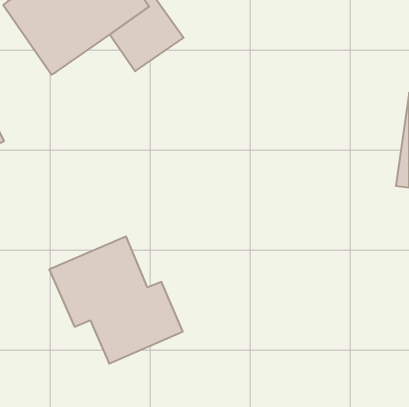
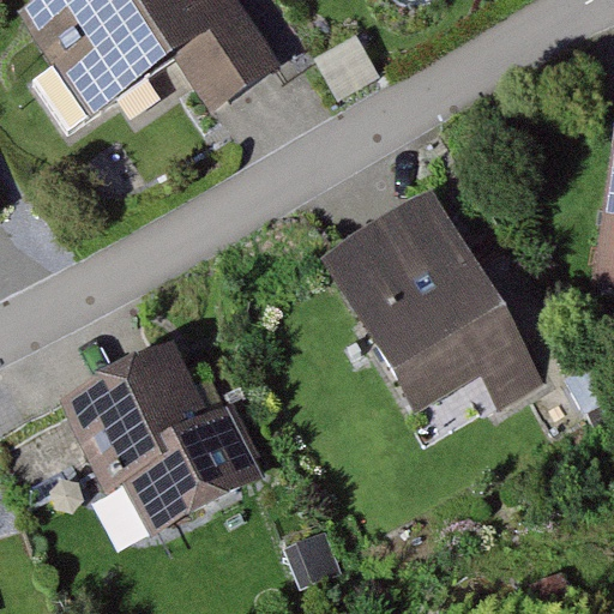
building: none -> [326,191,534,403]

